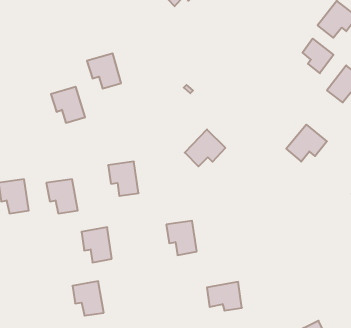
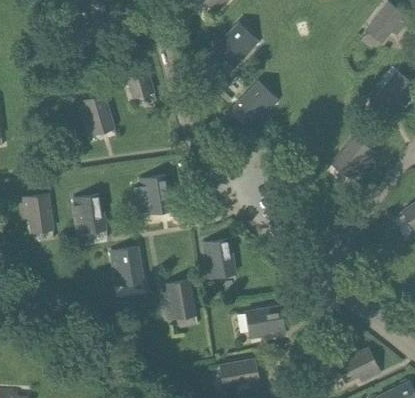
building: none -> [214,23,259,63]
building: [303,39,333,73] -> none
building: [185,129,225,166] -> [234,82,278,122]
building: [72,281,104,316] -> [162,281,196,318]

